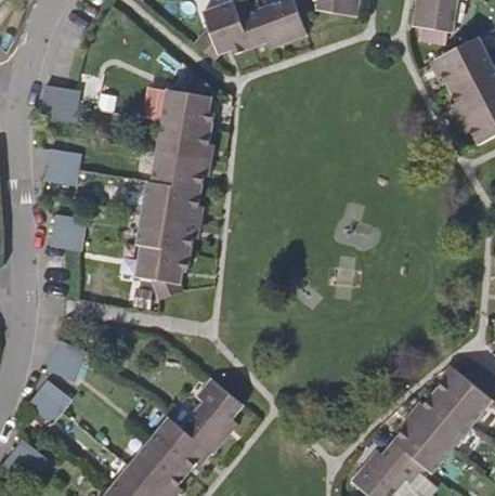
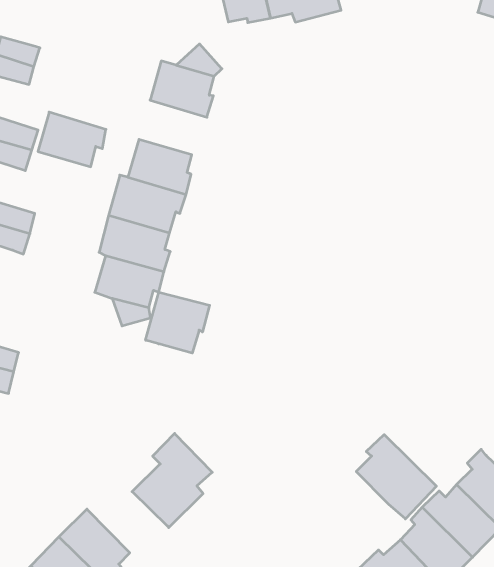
building: [158,120,209,159] -> [38,112,106,167]
building: none -> [146,292,210,353]
building: none -> [356,435,436,519]
building: [148,416,212,473] -> none

